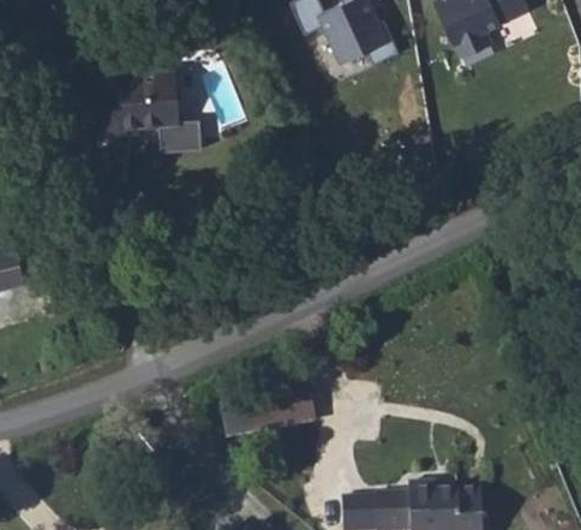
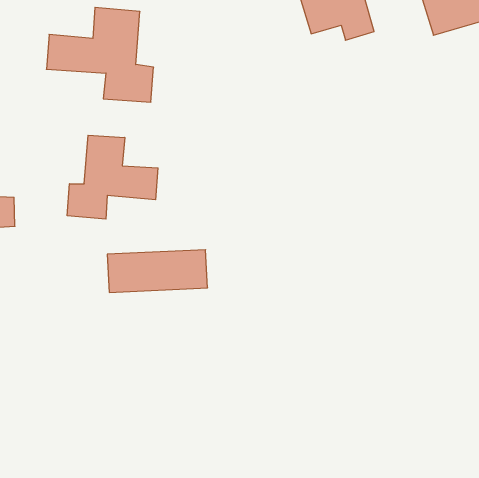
building: none -> [67,135,158,219]
building: [221,385,318,437] -> [107,250,208,292]

